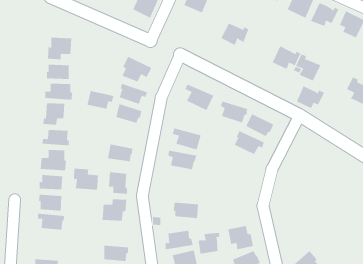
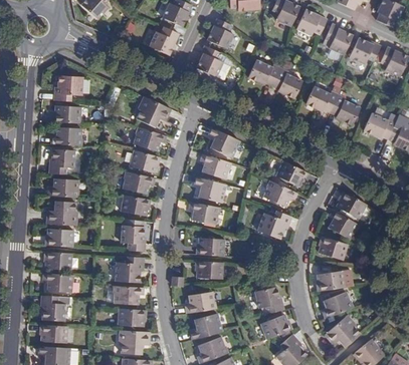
building: none -> [196,46,222,77]
building: none -> [273,67,301,98]
building: [296,85,325,109] -> [363,112,395,138]
building: [86,90,114,109] -> [123,172,154,194]
building: [220,101,248,123] -> [200,154,231,179]
building: none -> [336,192,367,221]
building: none -> [328,211,359,240]
building: none -> [256,212,291,240]
building: [73,168,98,190] -> none
building: none -> [317,237,348,260]
building: none -> [196,238,224,257]
building: none -> [315,270,352,292]
building: none -> [113,287,142,304]
building: none -> [321,293,354,319]
building: [198,232,220,255] -> none
building: none -> [40,295,68,320]

